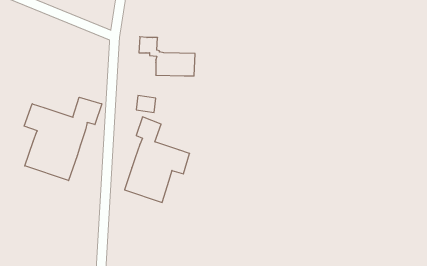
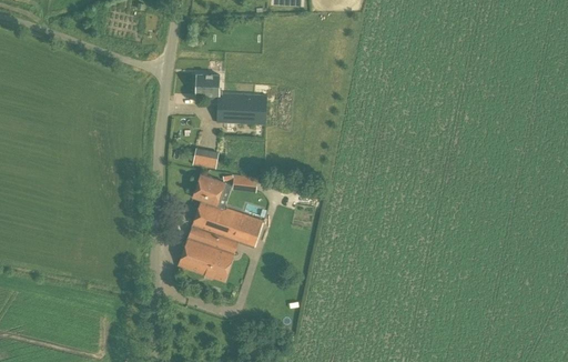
building: [24,97,102,181] -> none

